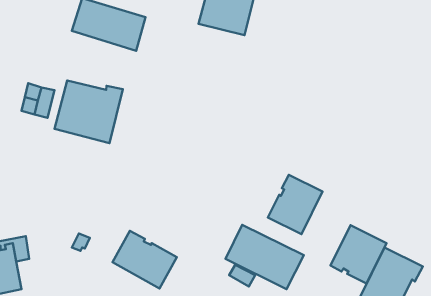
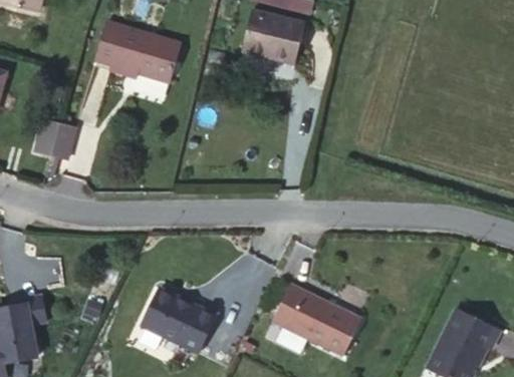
building: [54,81,123,143] -> none
building: [268,175,323,234] -> none
building: [330,225,387,284] -> none

